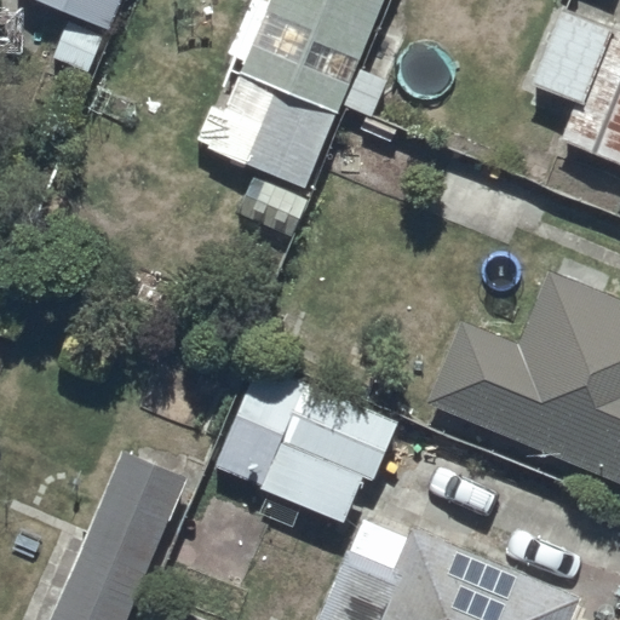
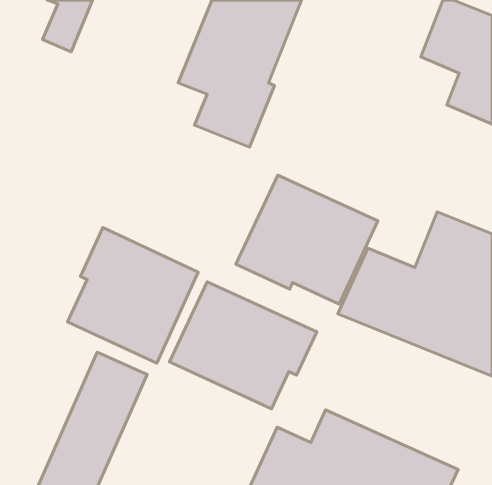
building: none -> [236,175,378,304]
building: none -> [68,228,198,363]

